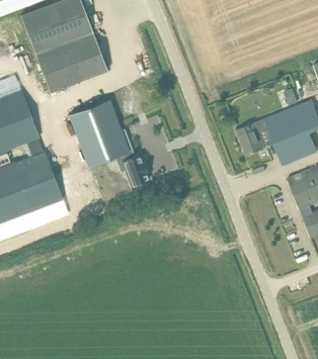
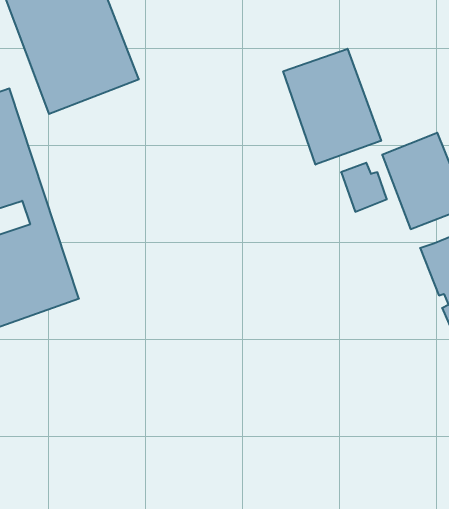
building: none -> [283,49,381,165]
building: [69,98,149,187] -> none

